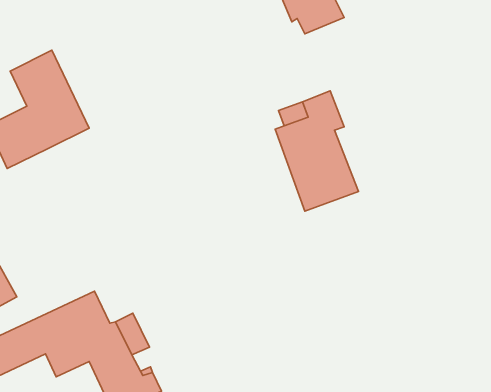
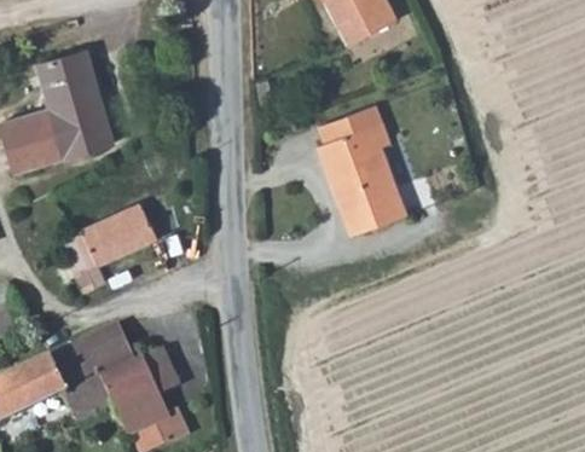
building: none -> [57,199,157,291]

